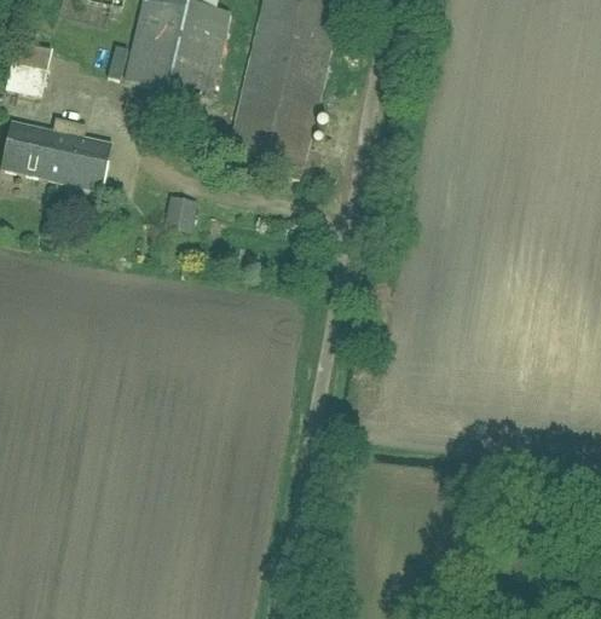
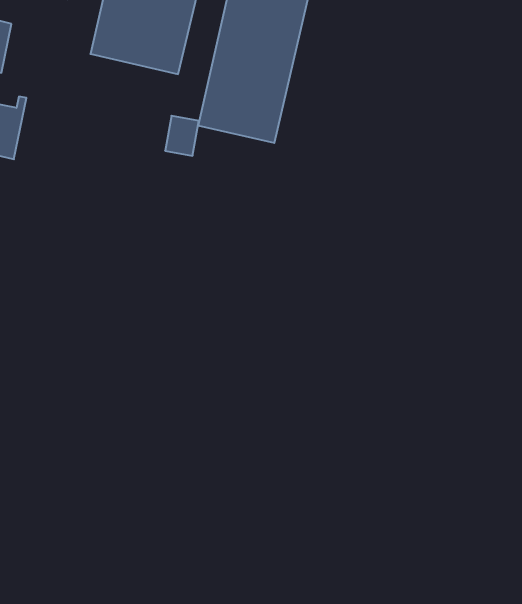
building: [52,118,112,189] -> none
building: [163,193,196,232] -> [165,116,199,156]

